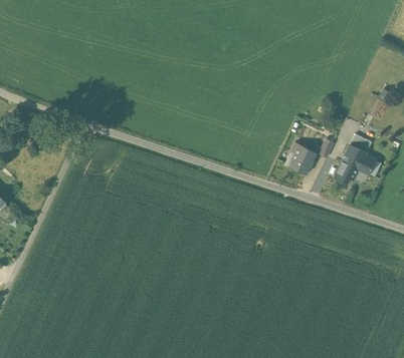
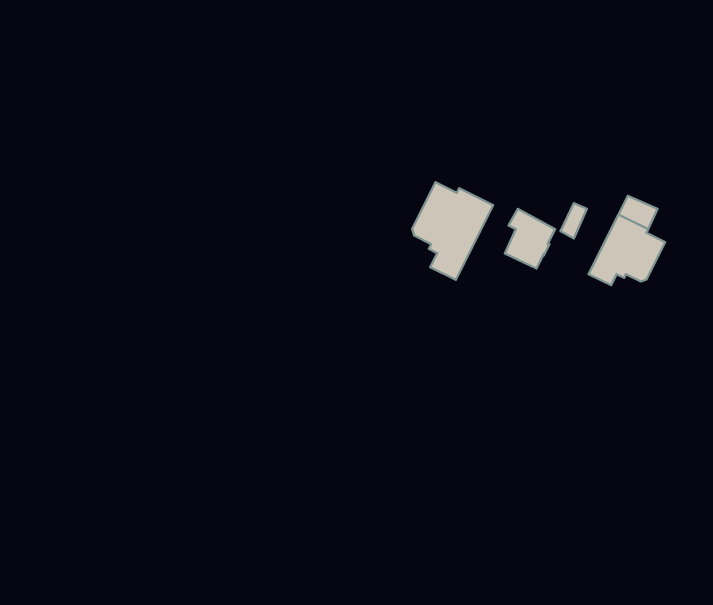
building: none -> [412,182,493,280]

